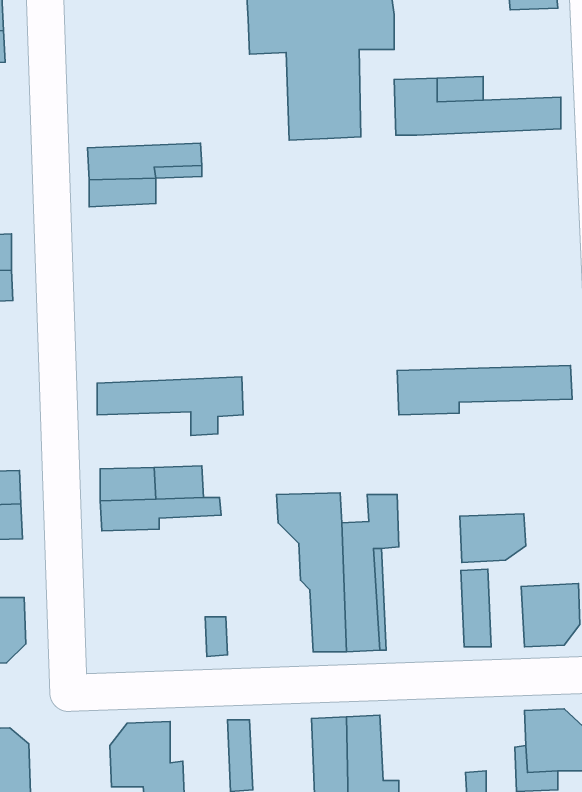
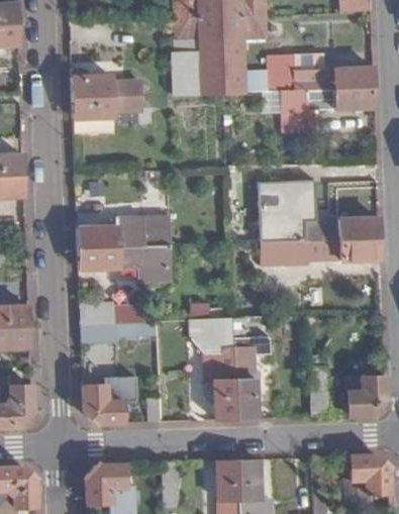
building: none -> [172,38,201,95]
building: none -> [72,75,144,99]
building: none -> [282,87,375,130]
building: none -> [260,180,380,241]
building: none -> [78,216,171,248]
building: [460,514,526,563] -> none
building: none -> [84,376,131,424]

